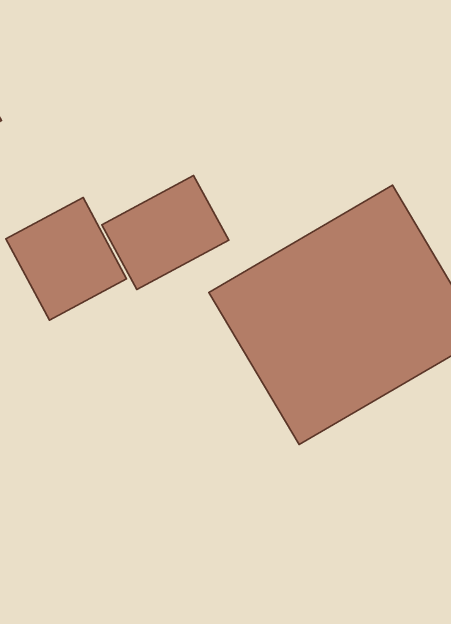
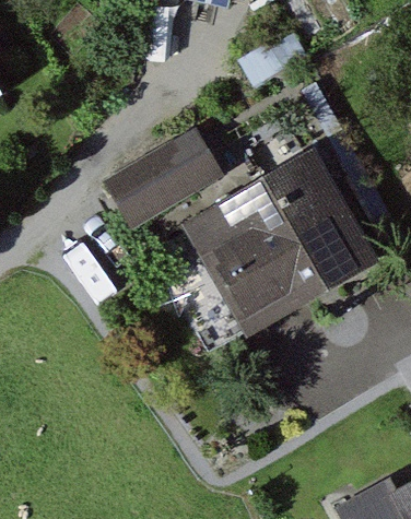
building: [6,197,127,320] -> none

